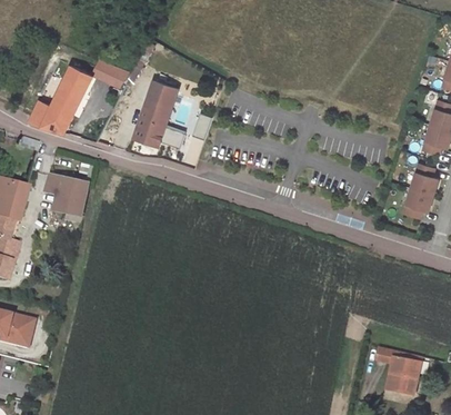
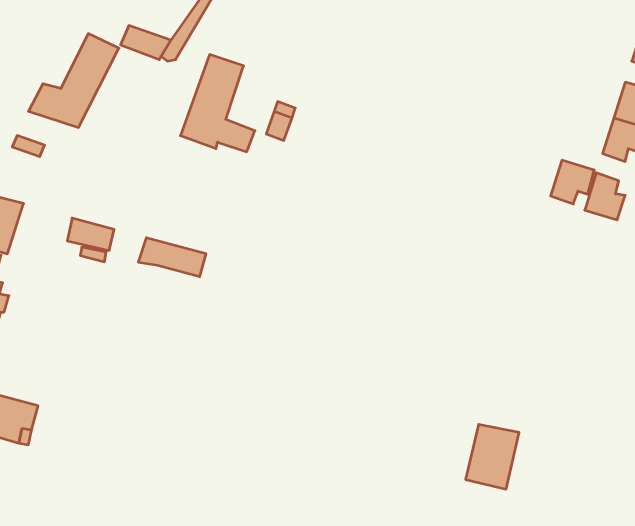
building: [46,175,92,201] -> [138,238,206,277]
building: [403,188,433,218] -> [551,160,594,204]
building: [387,350,423,395] -> [466,424,519,489]

